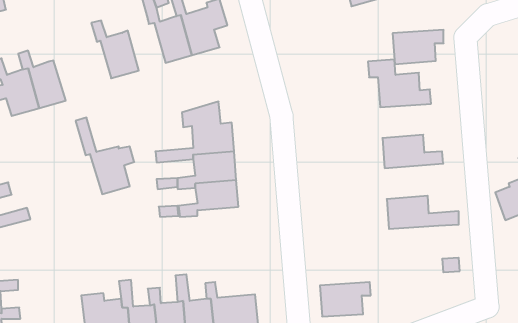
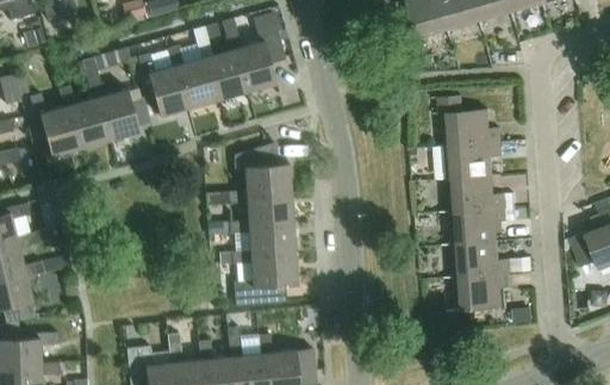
building: none -> [164,46,216,108]
building: [393,30,444,64] -> [447,144,502,181]
building: [76,118,134,194] -> [80,58,143,141]
building: none -> [452,209,516,247]
building: none -> [232,255,297,310]
building: [320,282,371,316] -> [456,275,511,312]

